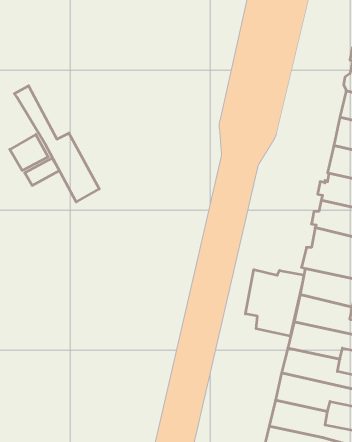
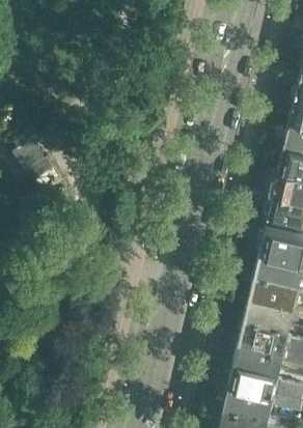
building: [14,86,99,202] -> none
building: [245,270,304,336] -> none

